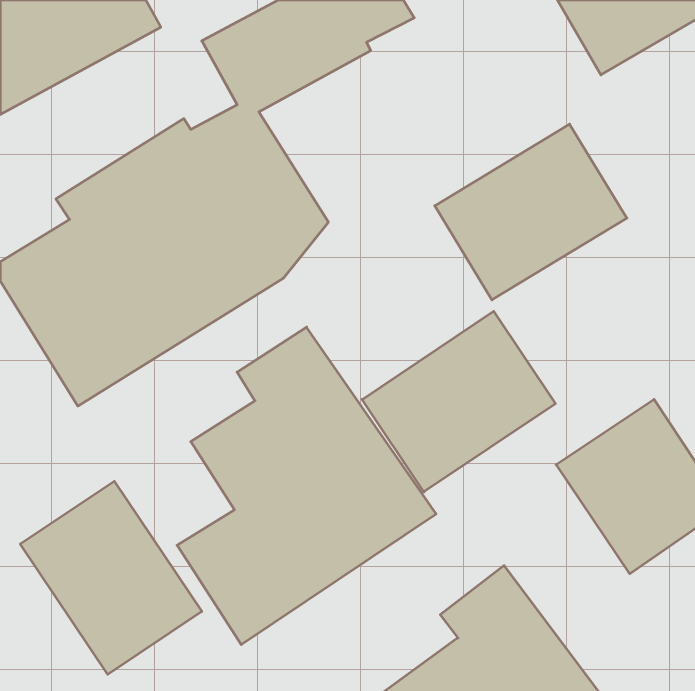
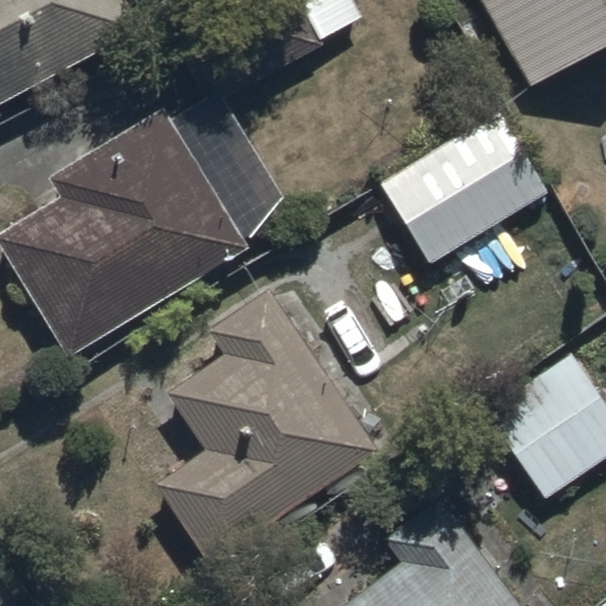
building: [362,311,555,492] -> none
building: [20,481,202,674] -> none

